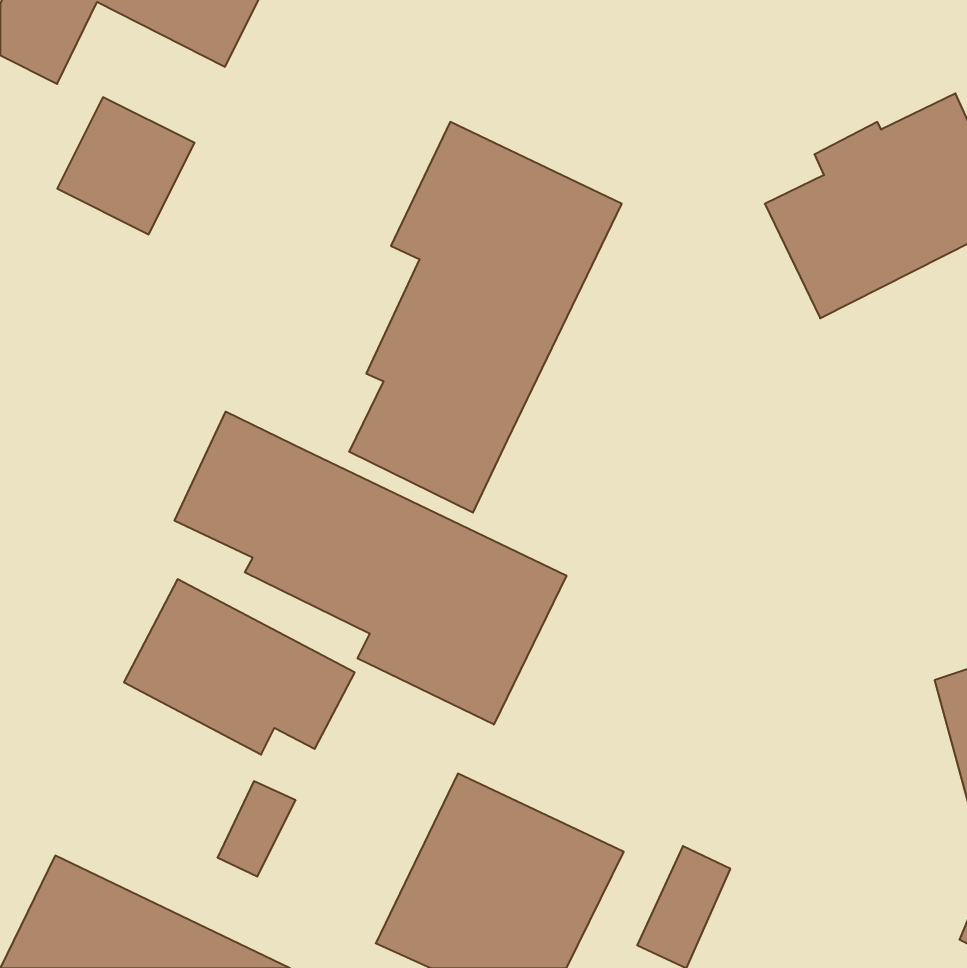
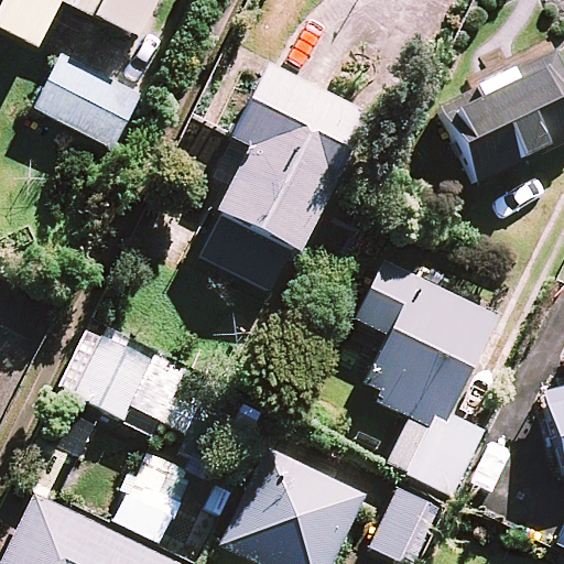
building: [175,412,566,725] -> none
building: none -> [356,262,495,494]

